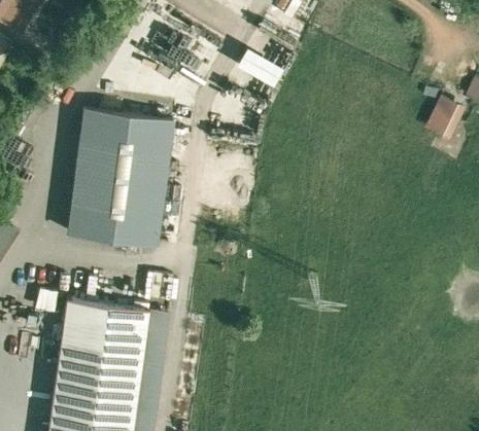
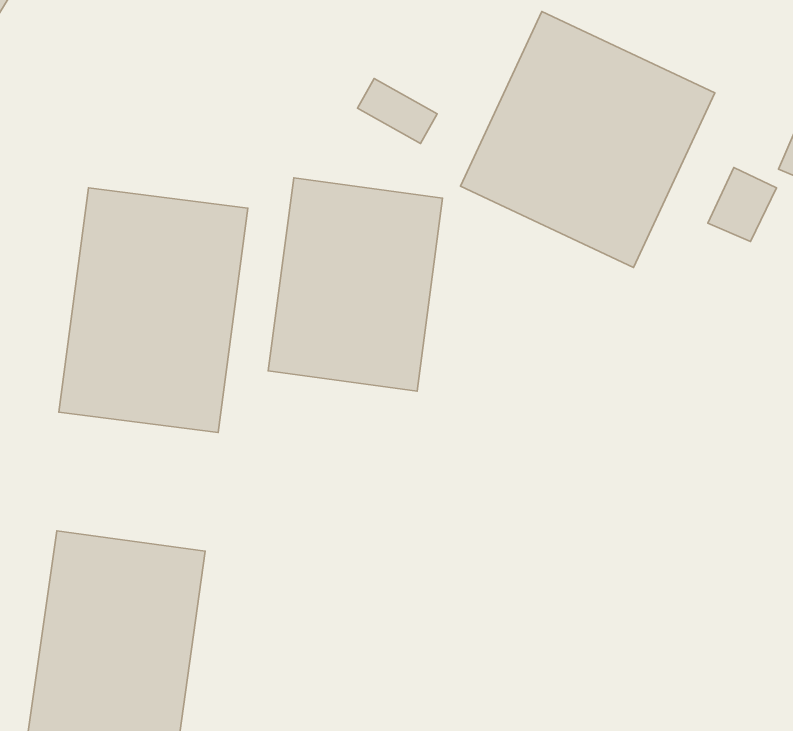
building: none -> [460,12,715,268]
building: none -> [268,178,443,391]

